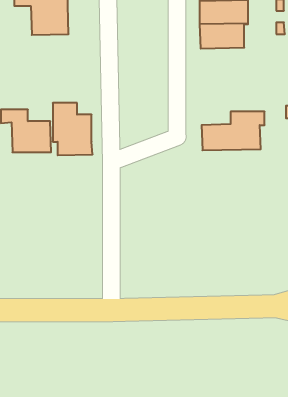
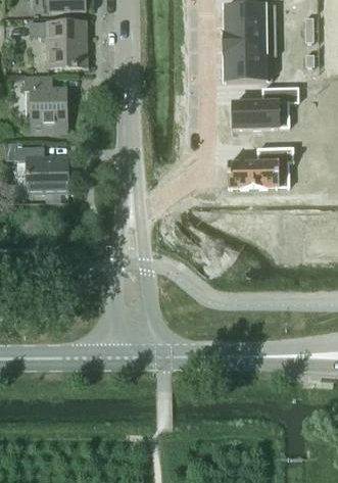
building: none -> [232,87,298,128]
building: [53,103,93,155] -> [26,76,67,131]

